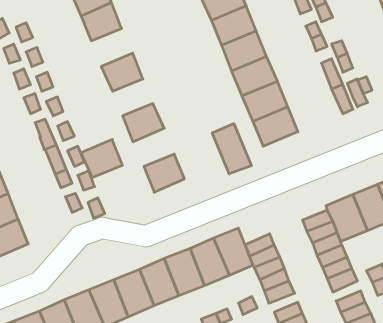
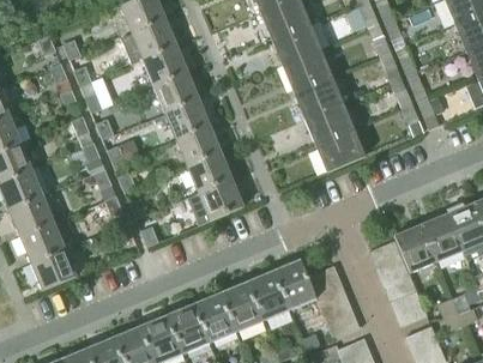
building: none -> [143,46,187,86]
building: none -> [165,99,209,139]
building: [212,124,251,174] -> none
building: [81,139,122,178] -> [187,152,231,193]

